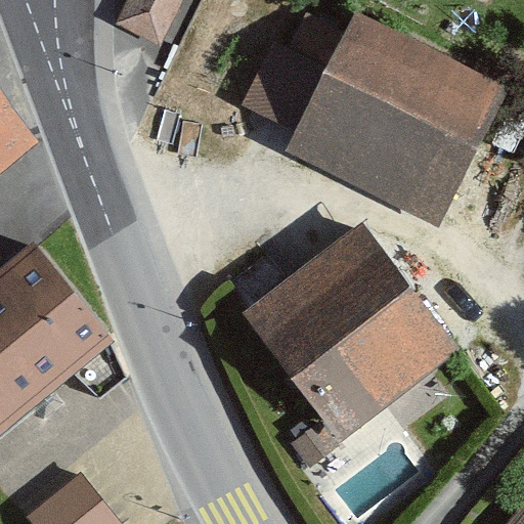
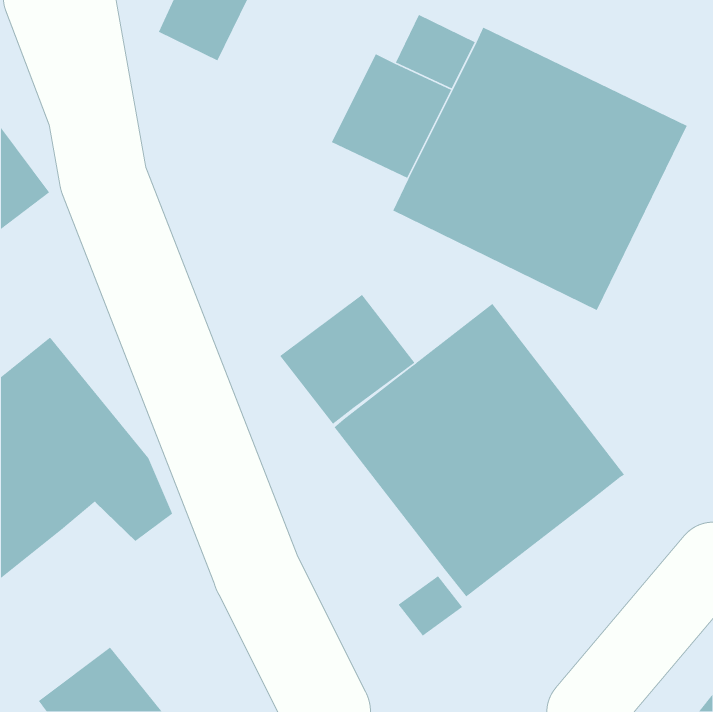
building: none -> [279,294,416,425]

